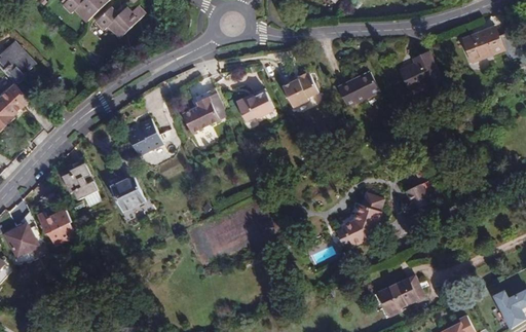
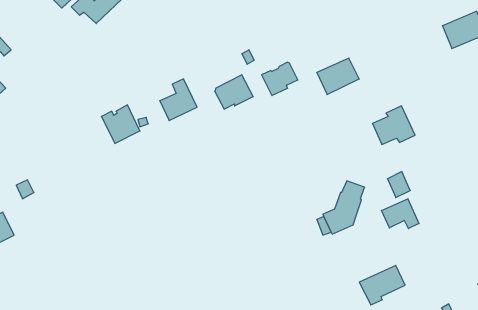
building: [400,51,442,89] -> [372,106,415,144]
building: [63,162,98,199] -> none
building: [110,175,146,211] -> none
building: [36,209,75,243] -> none
building: none -> [382,199,419,229]

